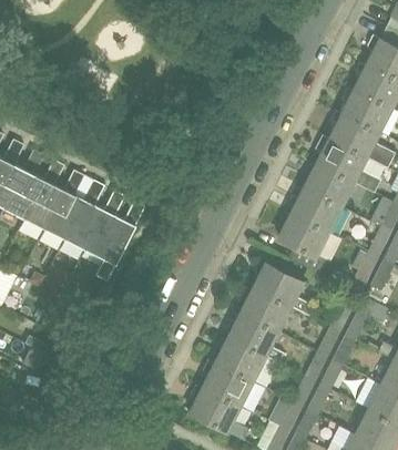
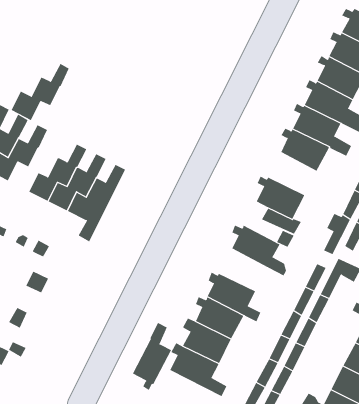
building: [21,168,82,228] -> [11,63,70,121]
building: [290,186,341,232] -> none
building: [239,287,290,331] -> none
building: none -> [132,322,172,391]

